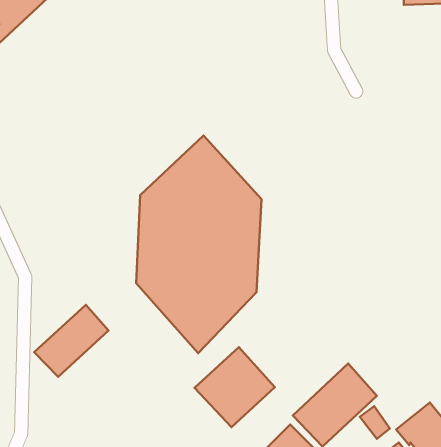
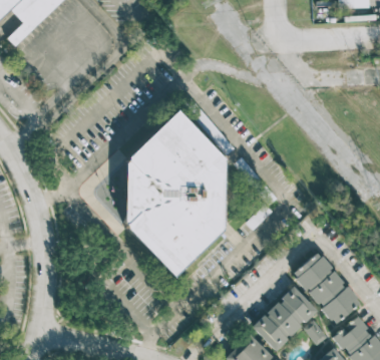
building: [34,305,109,377] -> none
building: none -> [292,251,359,324]
building: [194,347,275,427] -> none

